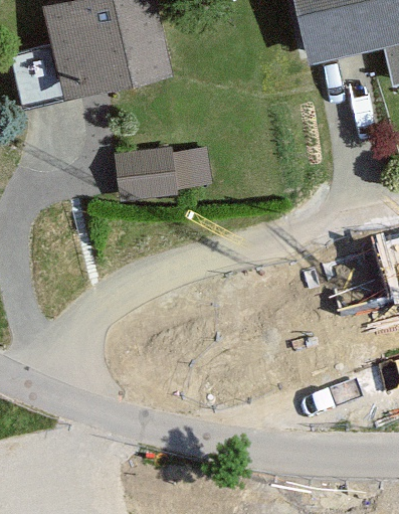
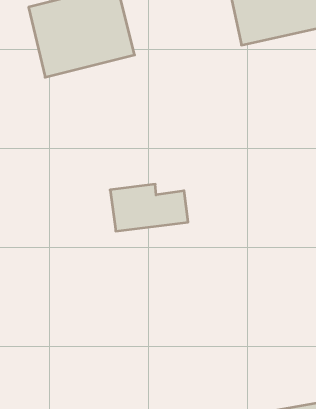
building: [123,147,218,204] -> [110,184,188,231]

